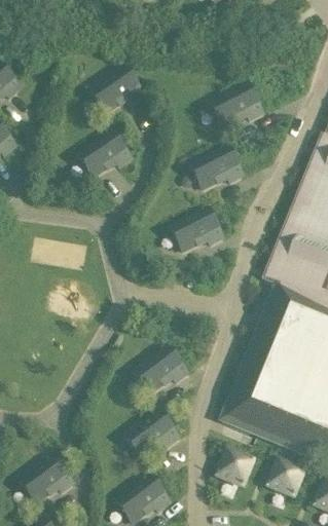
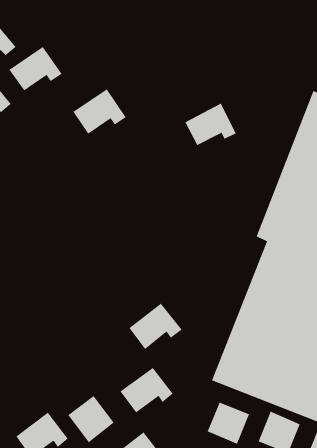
building: [90,67,145,112] -> [9,46,63,91]
building: [211,83,264,126] -> none
building: [171,208,224,251] -> none
building: none -> [67,395,114,443]

